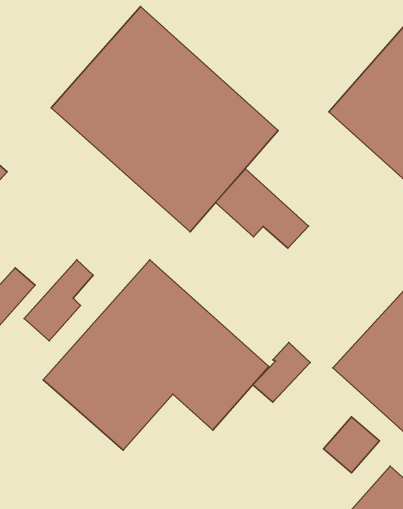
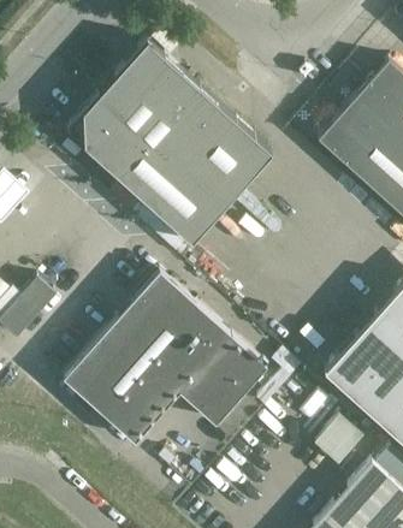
building: [215,169,309,248] -> none
building: [24,260,93,341] -> none

